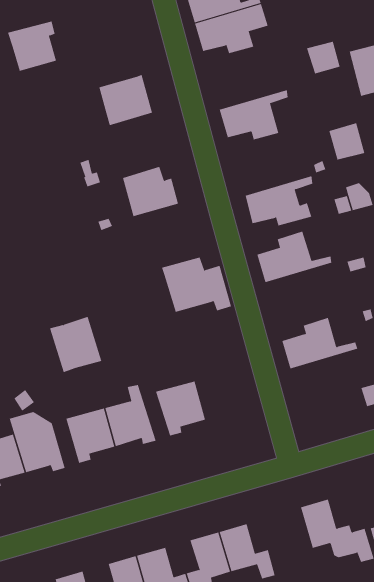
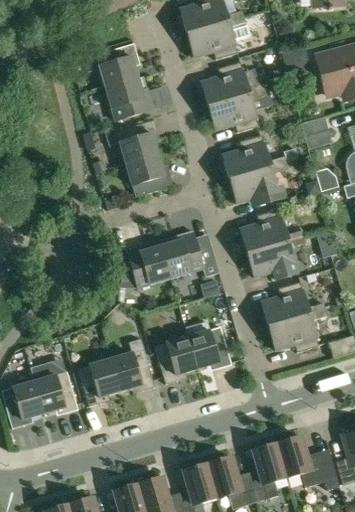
building: [7,21,57,72] -> [95,43,137,86]
building: none -> [200,61,265,105]
building: none -> [115,119,159,163]
building: none -> [222,134,286,178]
building: none -> [246,235,305,278]
building: [49,316,102,373] -> [125,239,170,287]
building: none -> [267,308,327,351]
building: none -> [187,326,231,368]
building: none -> [249,442,286,500]

